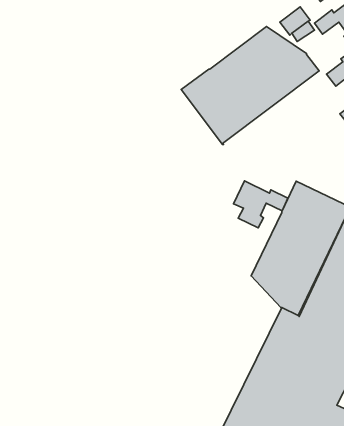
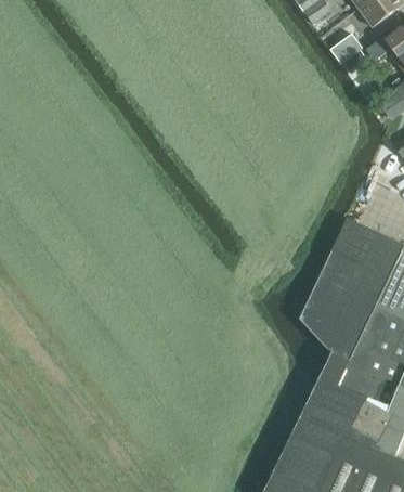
building: [181,26,319,145] -> none
building: [233,181,288,228] -> none

